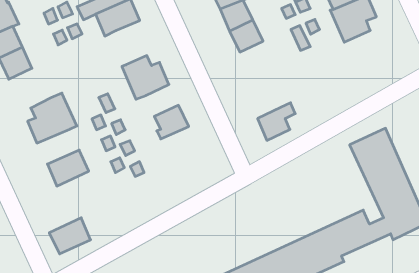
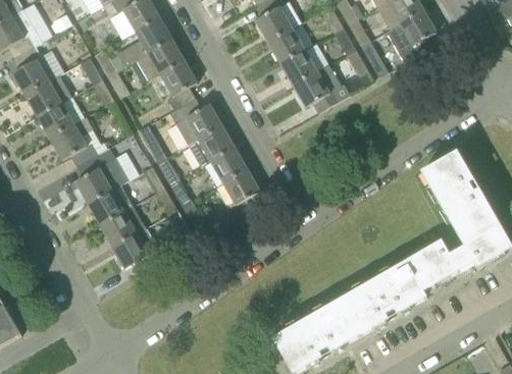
building: none -> [159,61,197,110]
building: none -> [50,116,97,166]
building: none -> [198,126,234,162]
building: [258,103,295,140] -> [294,64,334,107]
building: none -> [217,169,259,208]
building: none -> [87,184,133,224]
building: [49,218,91,254] -> [112,227,157,268]

